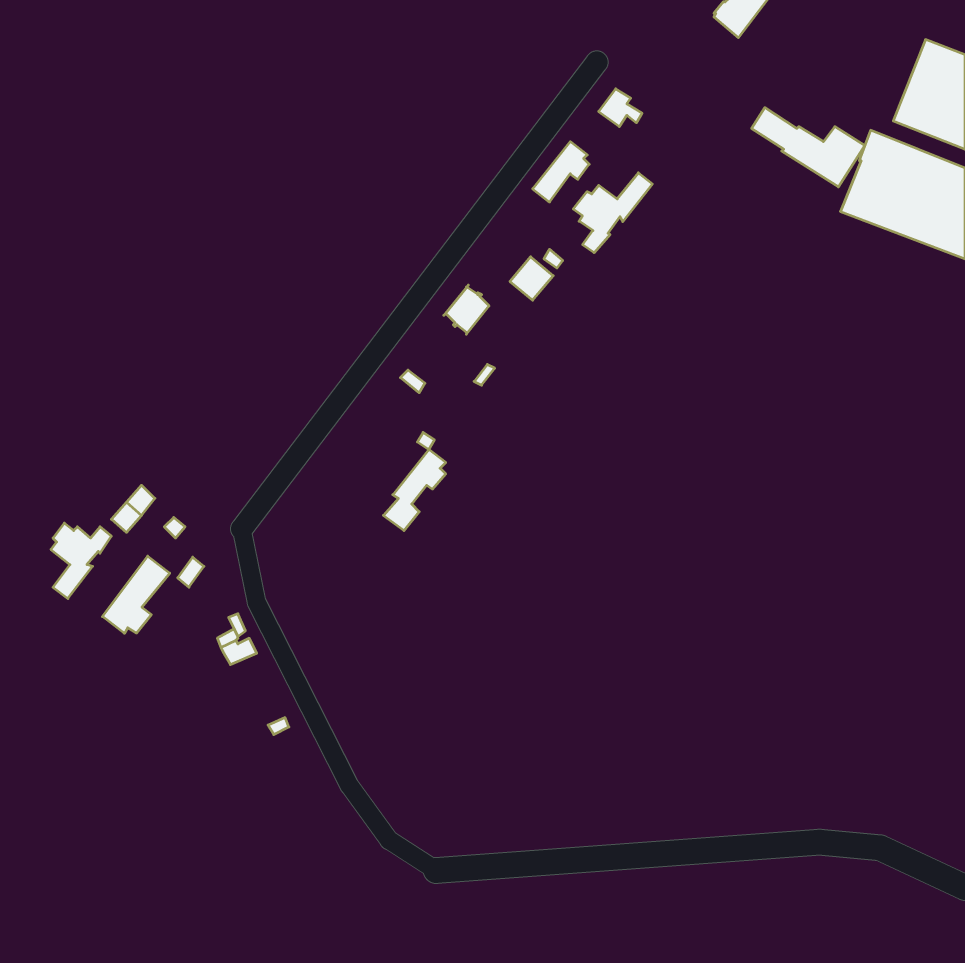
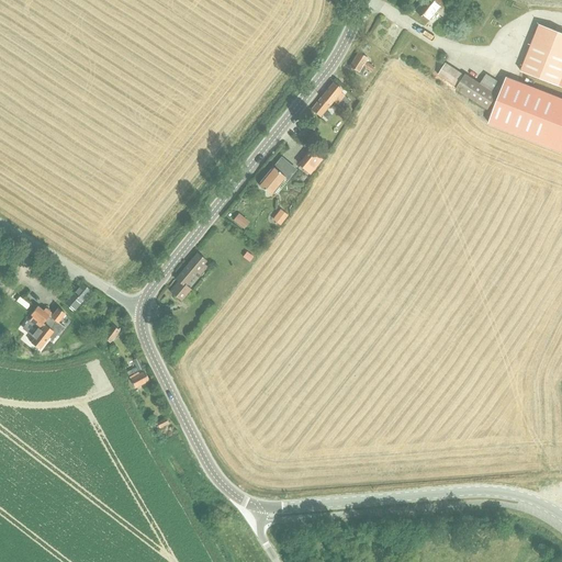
building: [573,173,652,253] -> none
building: [383,449,446,531] -> [169,252,205,300]
building: [102,556,170,633] -> none

